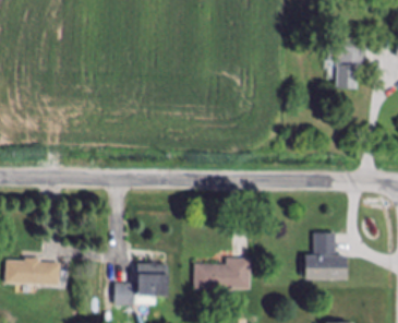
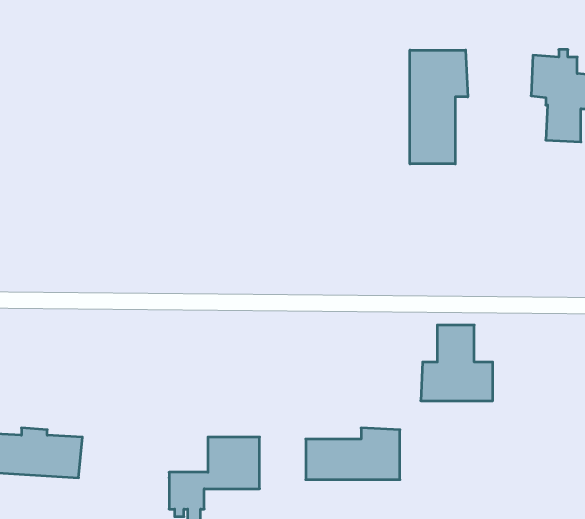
building: none -> [410,50,468,164]
building: [304,234,347,278] -> [421,325,493,401]

